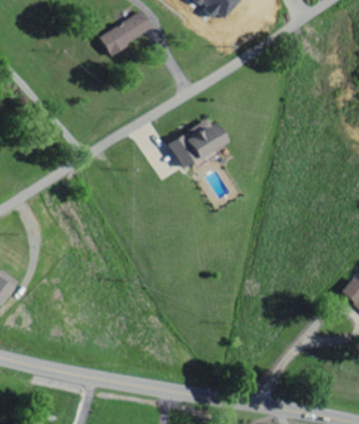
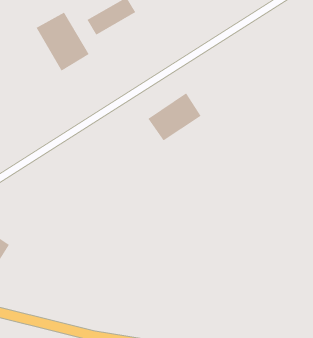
building: none -> [36,12,90,72]

